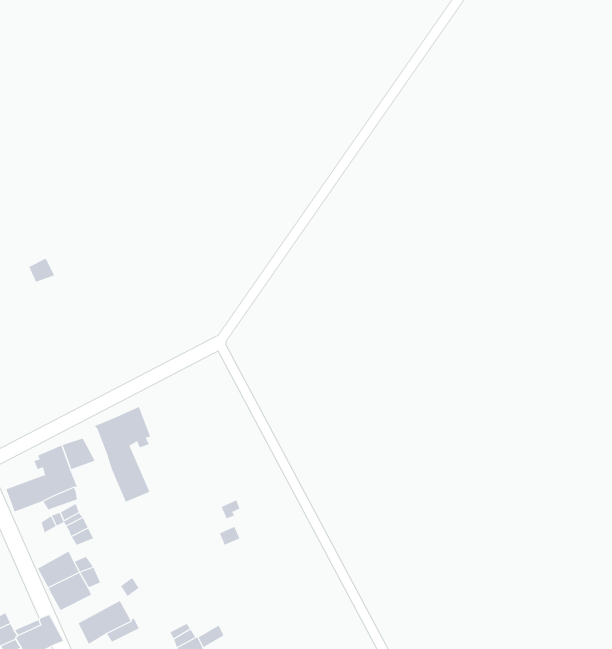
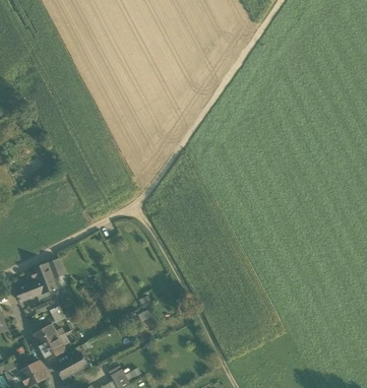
building: [94,406,151,503] -> none

